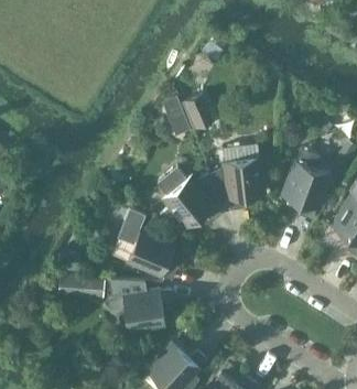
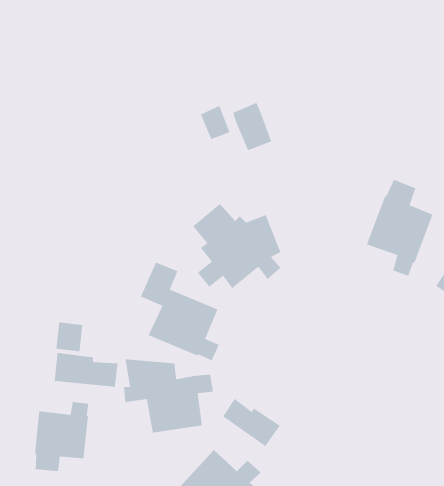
building: [209,143,264,209] -> none
building: none -> [222,398,281,447]
building: none -> [34,401,89,472]

